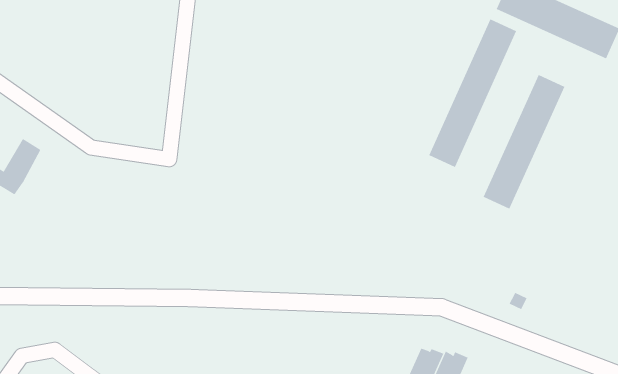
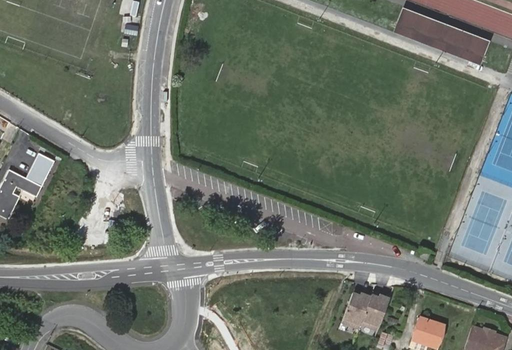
building: [428,19,517,168] -> none
building: [483,74,565,210] -> none

